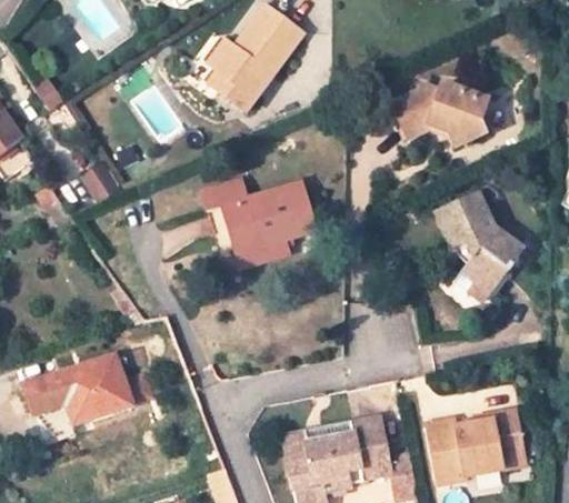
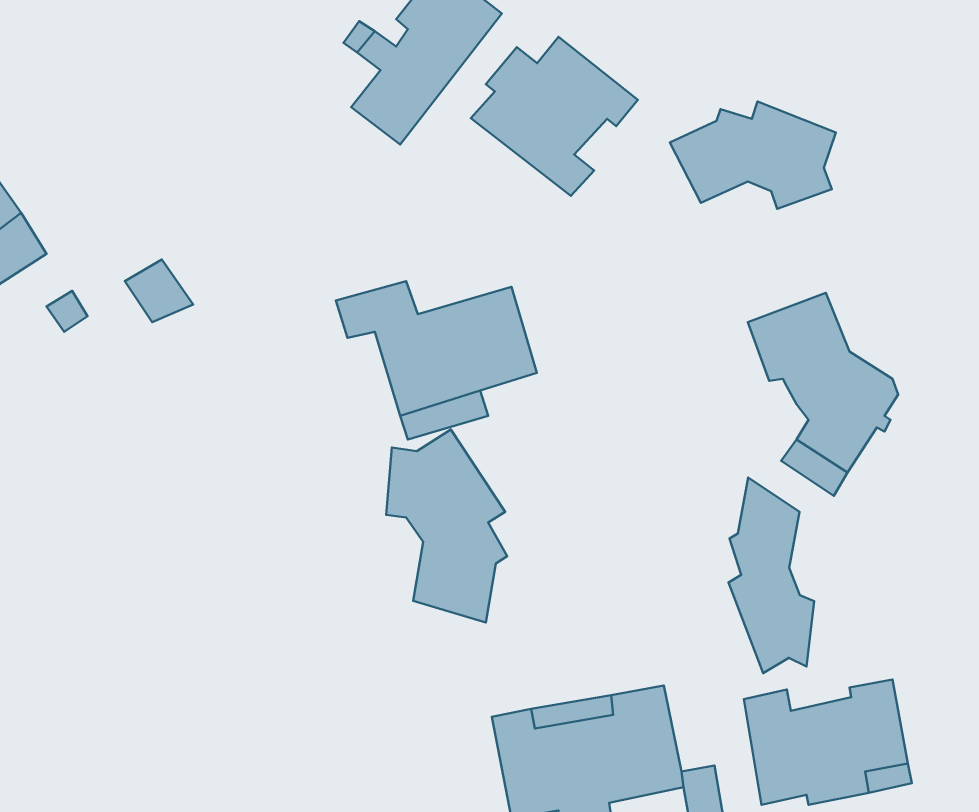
building: none -> [471,37,638,196]
building: none -> [386,429,507,622]
building: none -> [728,477,814,673]
building: [22,355,132,442] -> none

